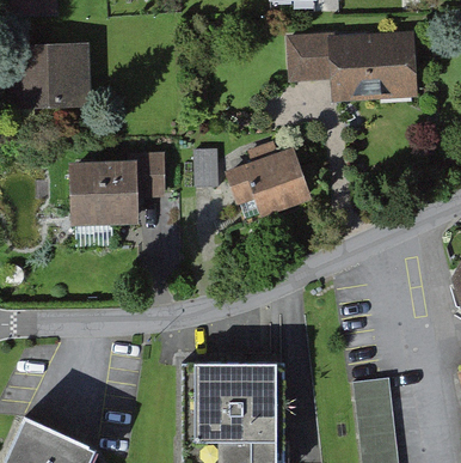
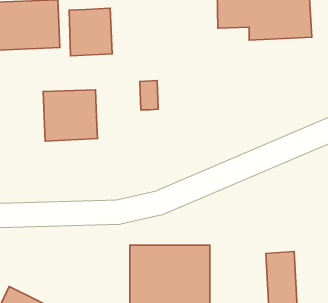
building: none -> [69,8,112,56]
building: [223,150,308,214] -> none
building: [135,152,165,199] -> none

